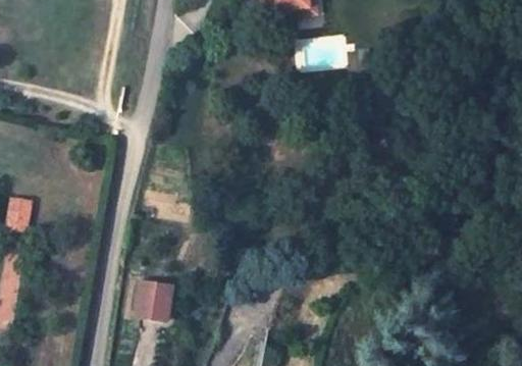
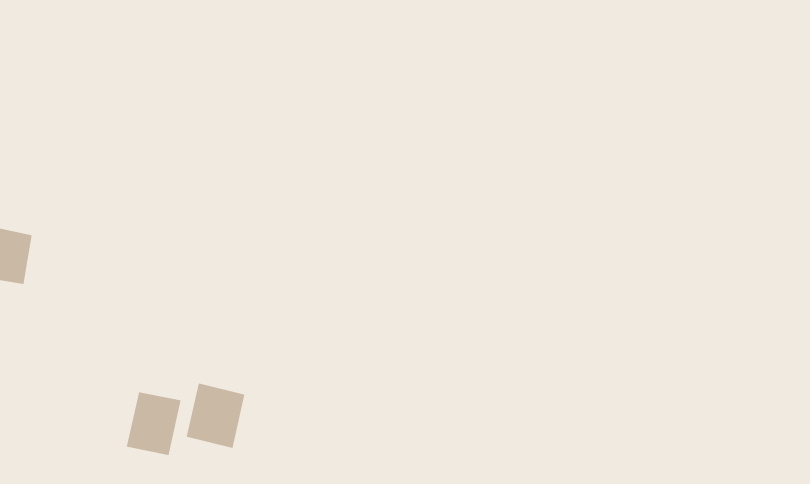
building: none -> [126,391,181,456]

